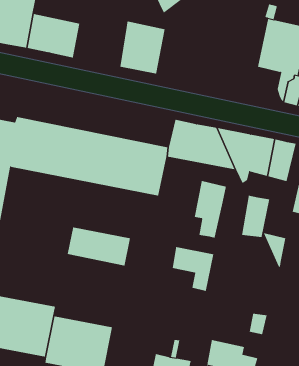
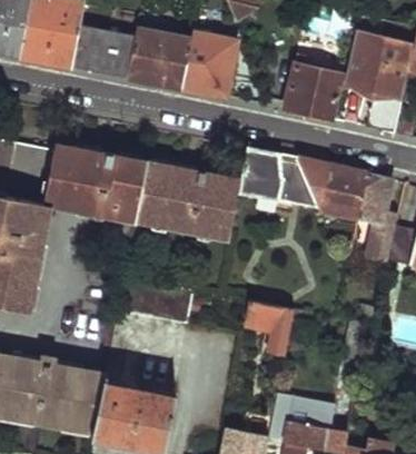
building: none -> [128,30,190,88]
building: none -> [284,55,345,121]
building: [194,180,226,239] -> none
building: [242,195,270,238] -> none

